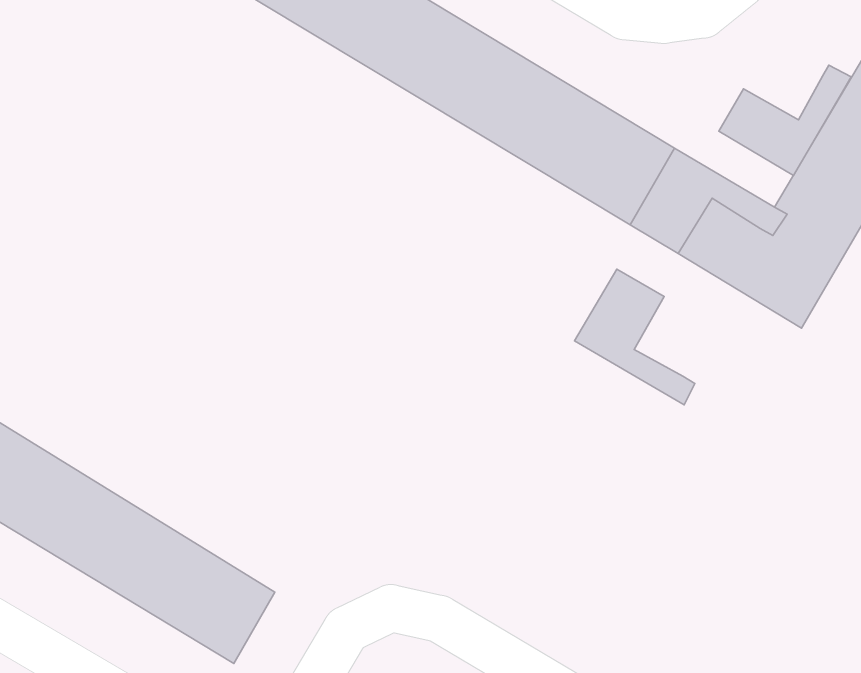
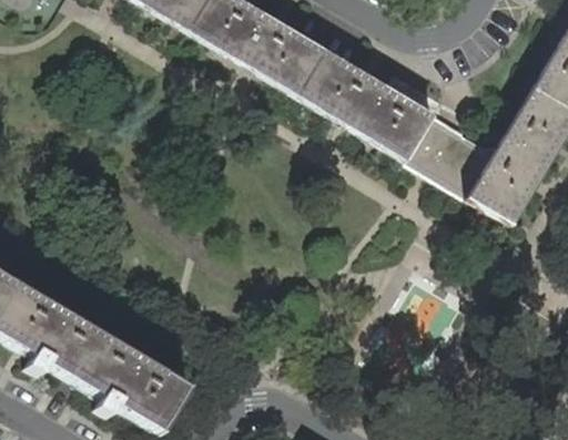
building: [719,65,851,175] -> none
building: [574,269,695,405] -> none

